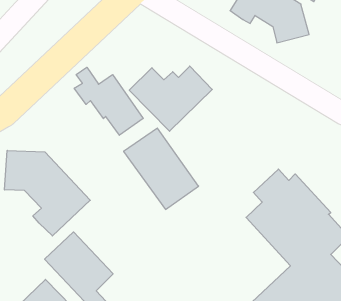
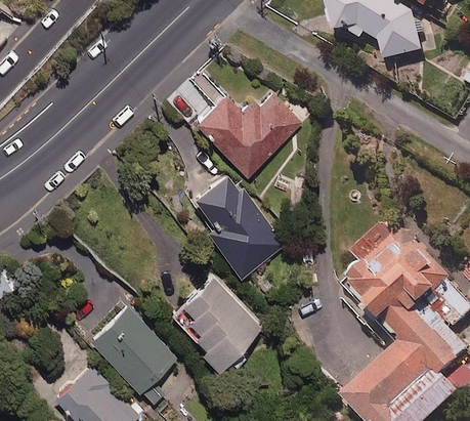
building: [74,67,143,135] -> none
building: [5,150,90,236] -> none
building: none -> [169,273,259,368]

